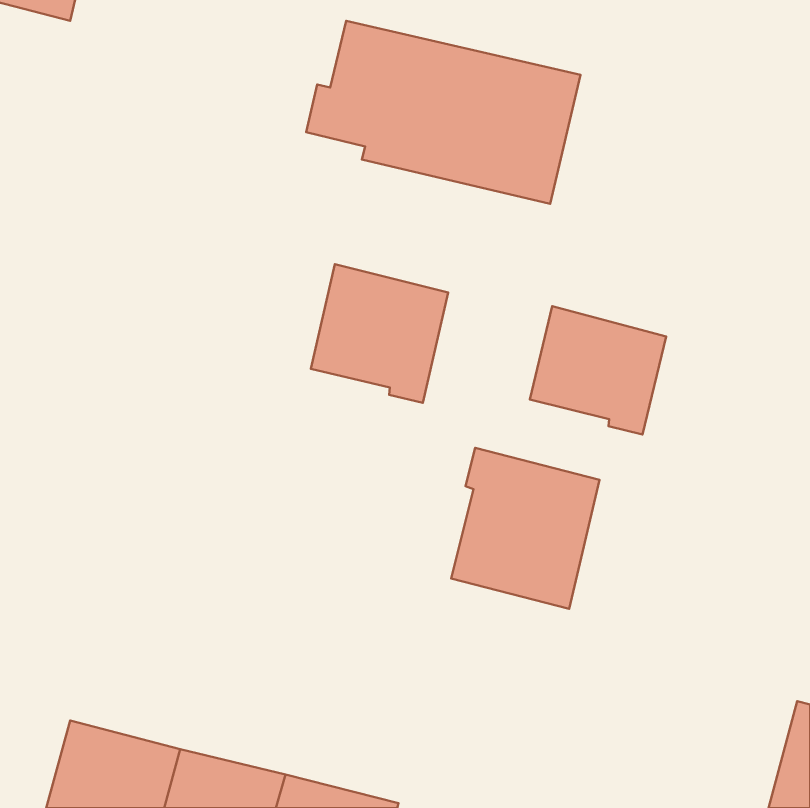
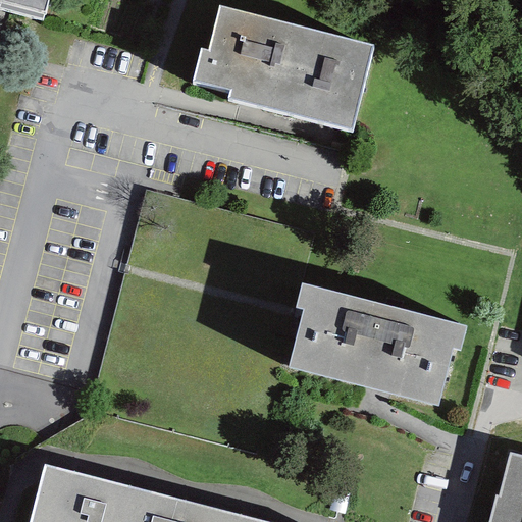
building: [311,264,448,403] -> none
building: [530,306,666,435] -> none
building: none -> [364,307,465,408]

